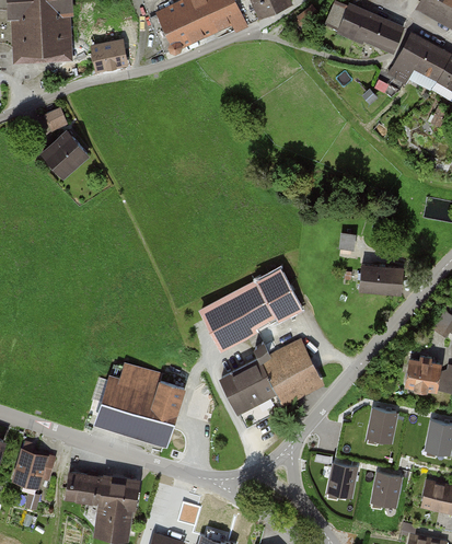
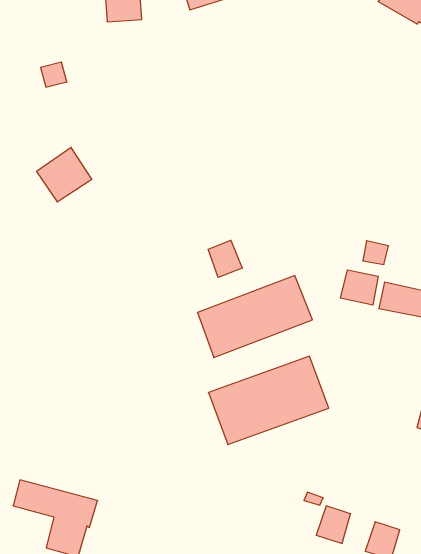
building: [40,130,89,178] -> [37,147,92,202]
building: none -> [208,240,242,277]
building: none -> [340,270,378,305]
building: [96,368,184,439] -> none
building: [368,410,395,441] -> none

